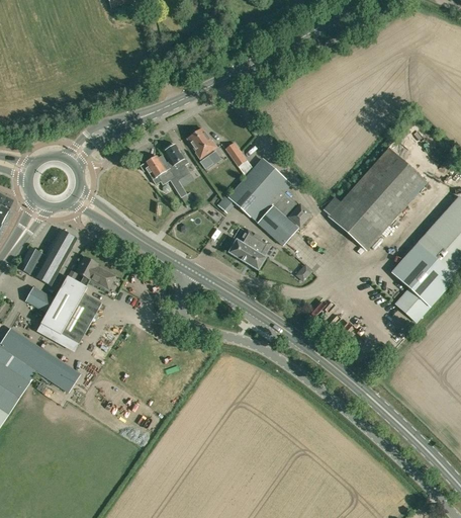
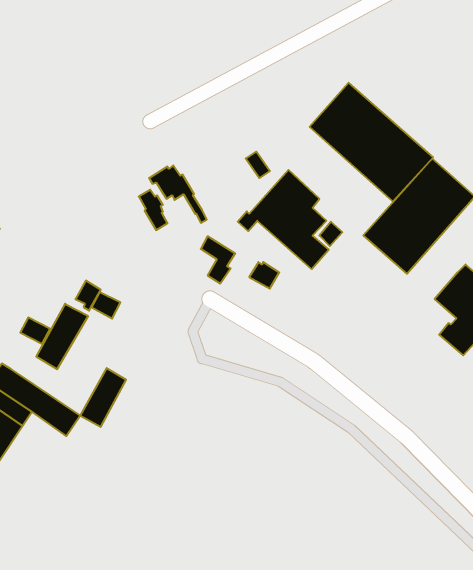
building: none -> [310,83,433,202]
building: [187,127,214,168] -> none
building: [165,144,190,179] -> [139,190,168,230]
building: [241,228,271,269] -> [201,236,235,283]
building: [19,229,76,284] -> none
building: [61,291,101,343] -> [80,368,126,427]

